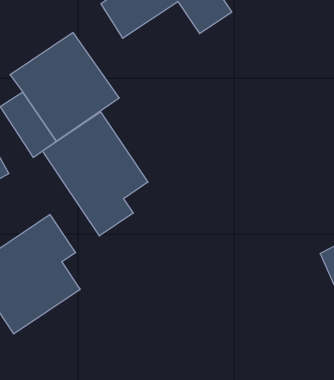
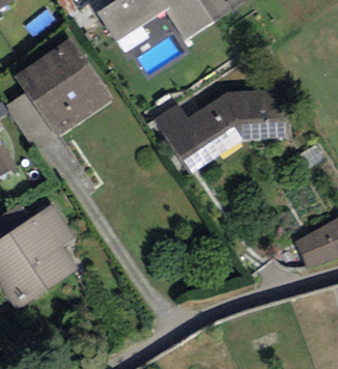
building: none -> [152,87,291,173]
building: [42,112,148,236] -> none

